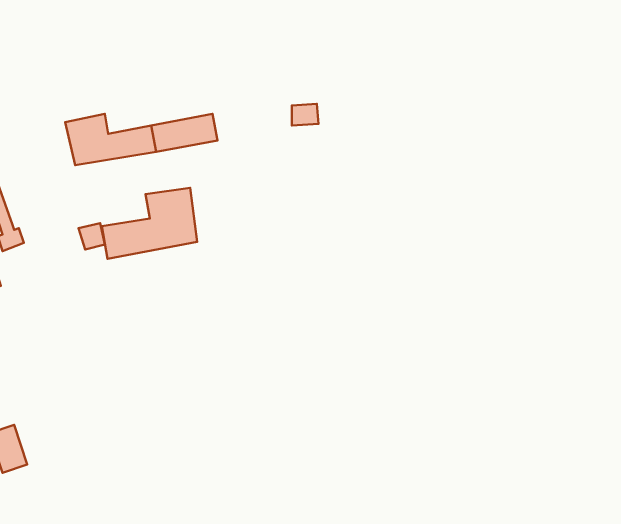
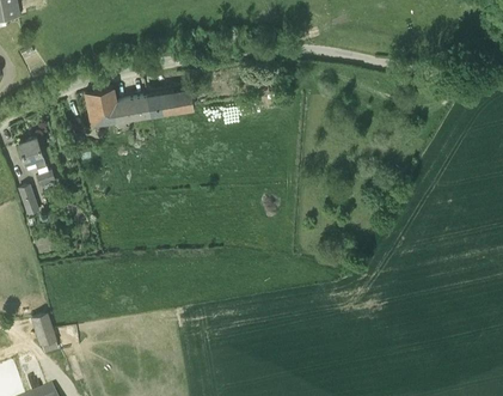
building: [102,188,197,259] -> none

